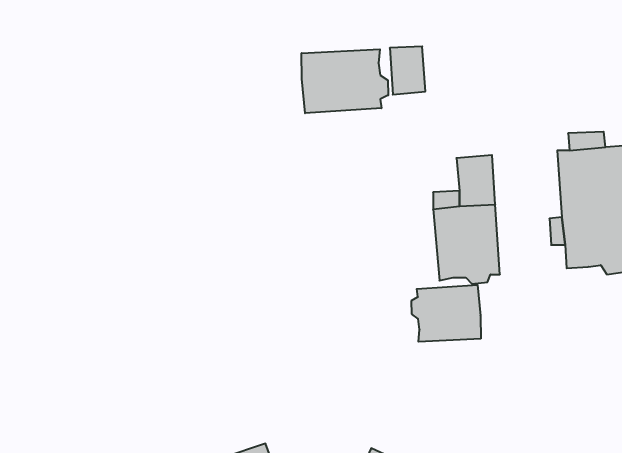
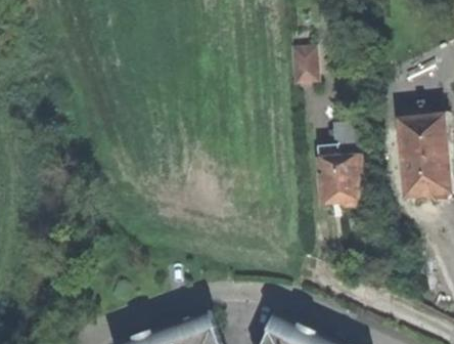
building: [302,49,388,113] -> none
building: [412,285,481,342] -> none

